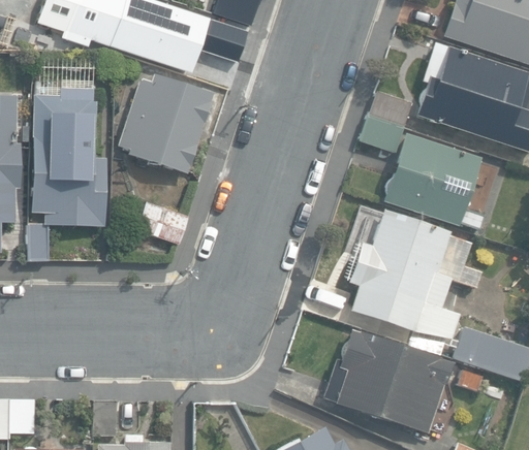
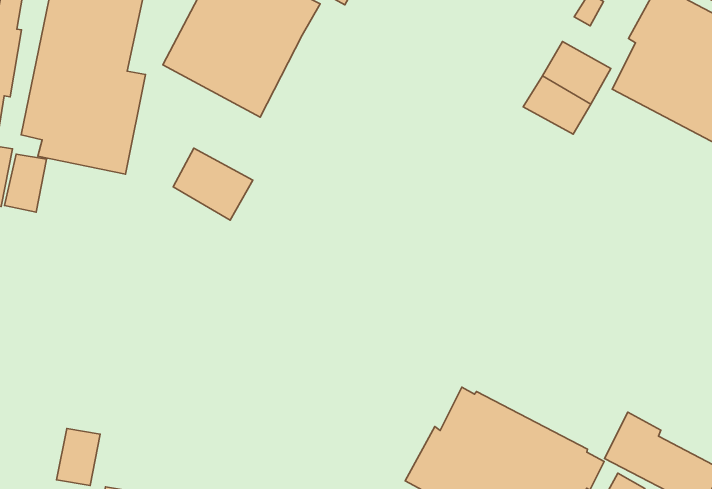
building: [384,133,486,229] -> none
building: [349,208,483,354] -> none

